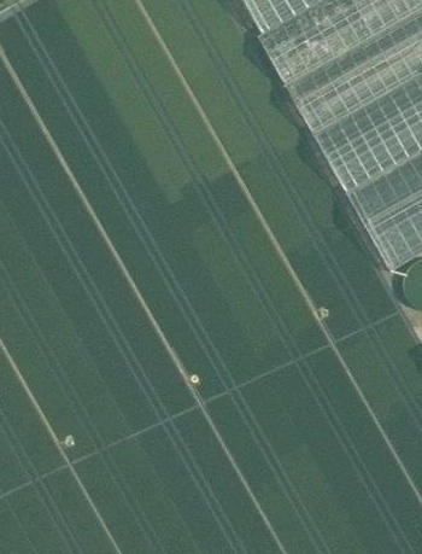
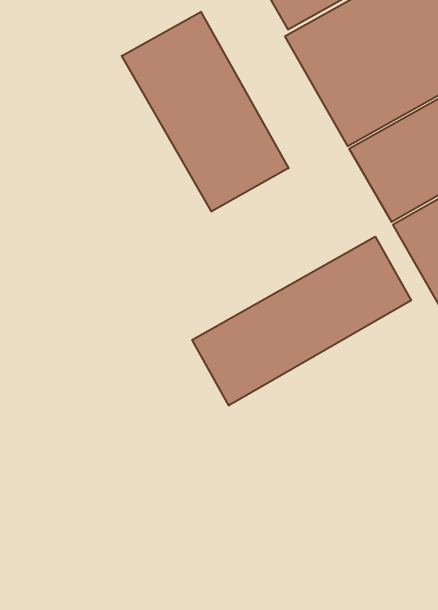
building: none -> [122,12,289,212]
building: none -> [192,237,411,406]

